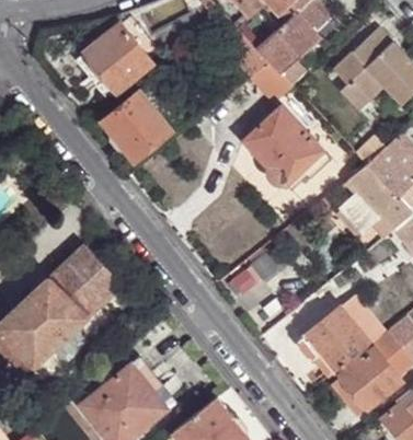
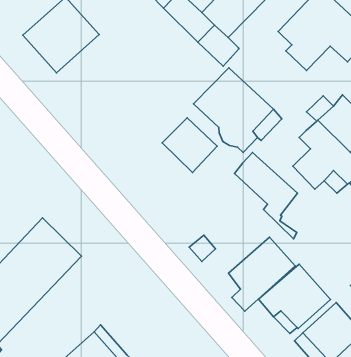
building: [101,91,172,162] -> none
building: none -> [162,118,217,172]
building: none -> [234,153,297,239]
building: none -> [228,237,295,311]

